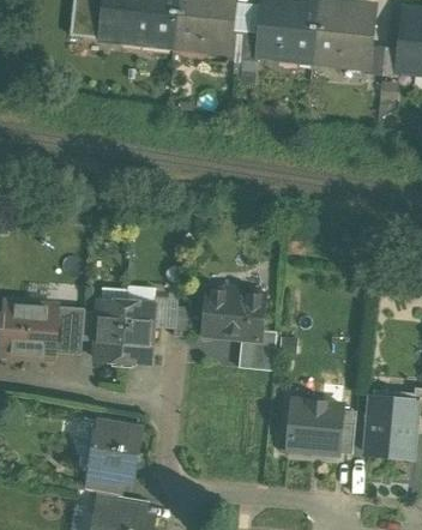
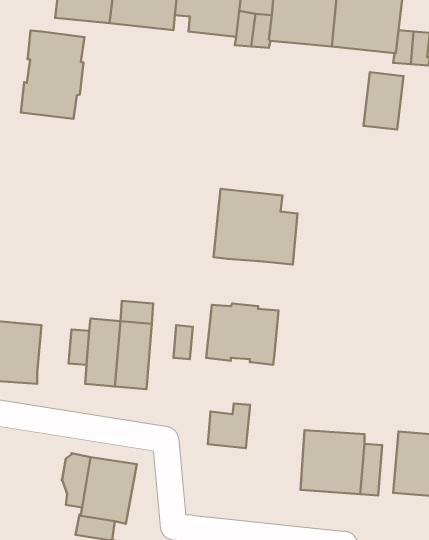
building: none -> [21,30,85,119]
building: none -> [364,72,403,130]
building: none -> [214,189,297,265]
building: [52,306,82,350] -> none
building: [237,331,275,371] -> [208,403,250,448]

